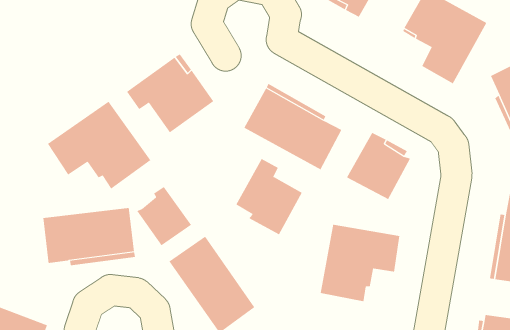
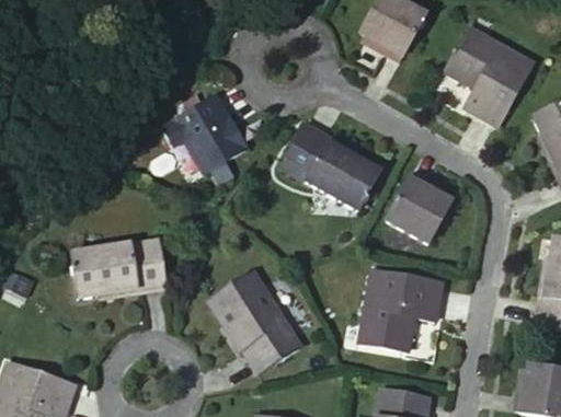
building: [47,101,151,189] -> none
building: [235,158,303,235] -> none
building: [137,186,192,246] -> none

